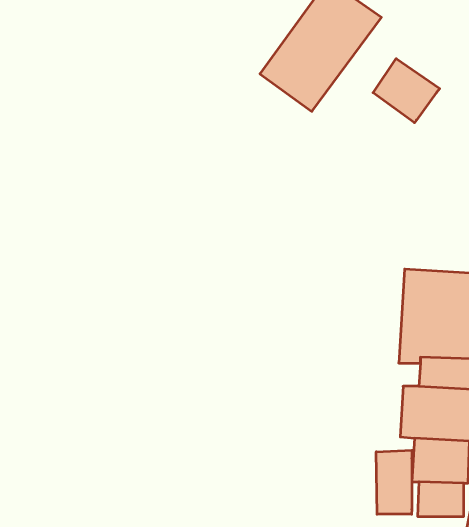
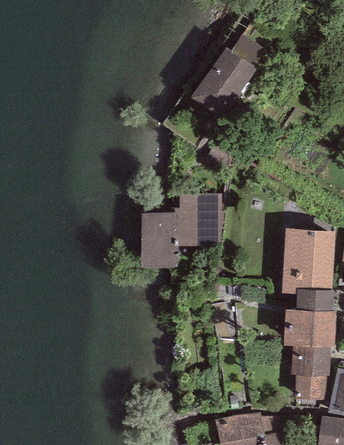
building: [373,59,440,123] -> none
building: none -> [139,196,224,266]
building: [376,450,412,514] -> none

